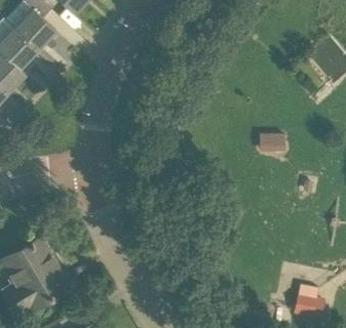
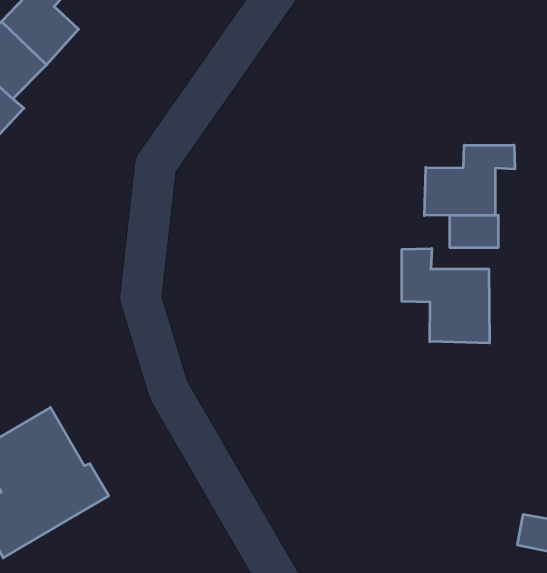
building: none -> [424,145,515,216]
building: none -> [402,248,489,343]

